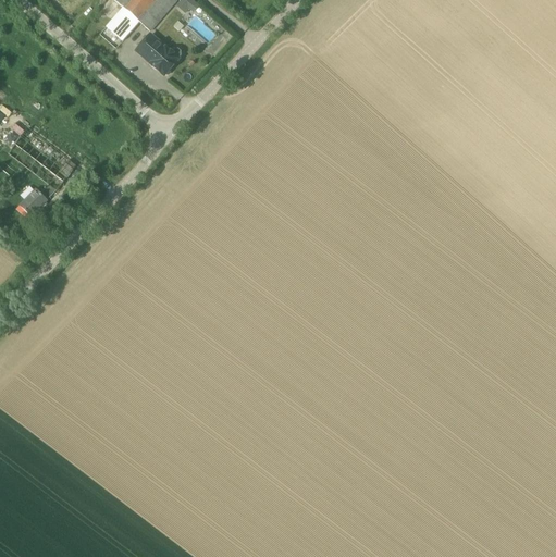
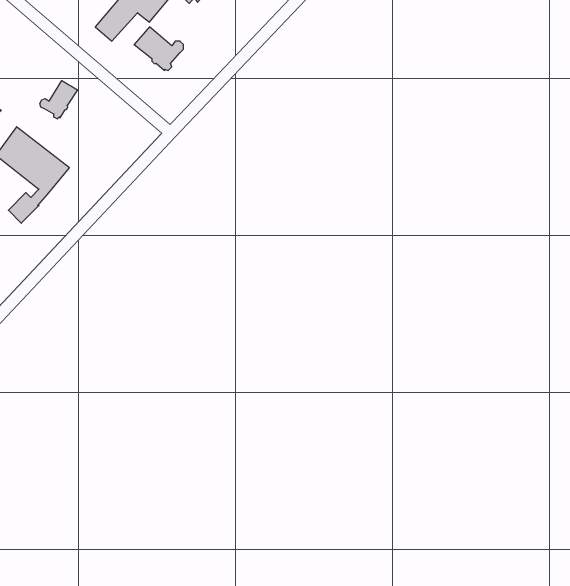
building: none -> [40,81,77,119]

